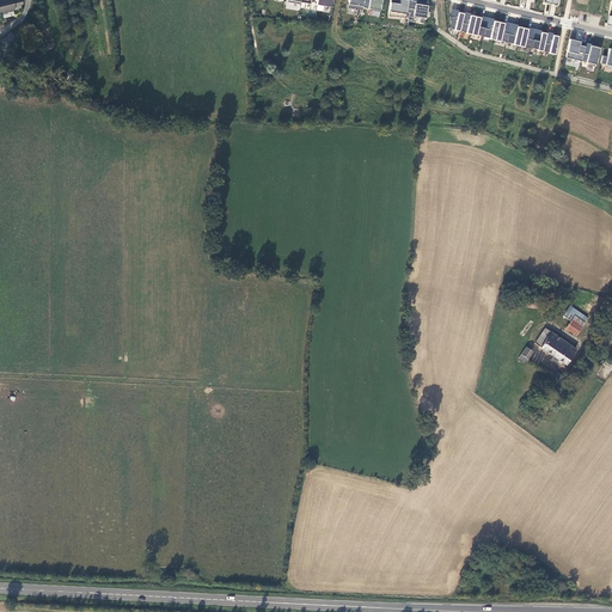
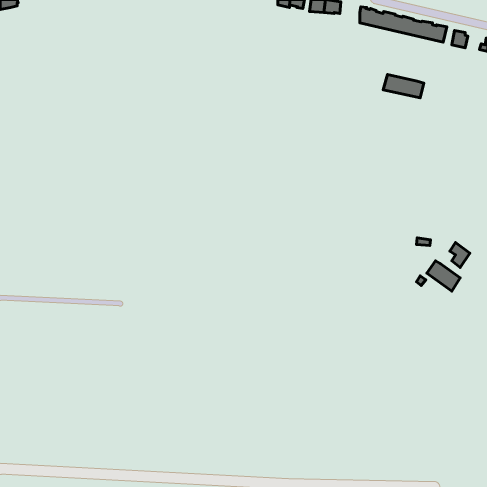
building: none -> [383,74,424,98]

